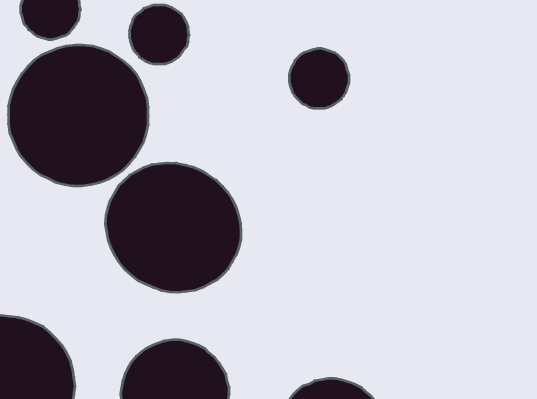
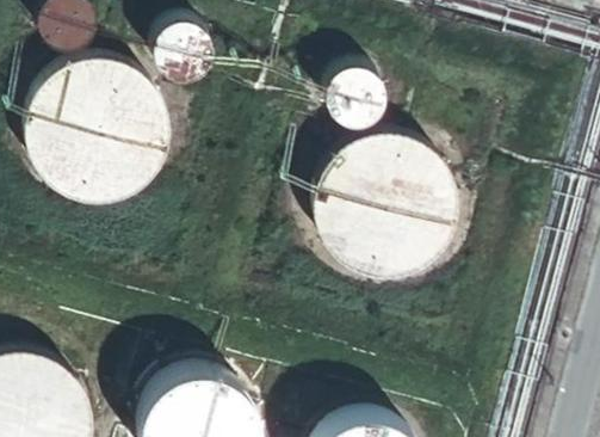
building: none -> [309,128,460,278]
building: [106,163,241,292] -> none

